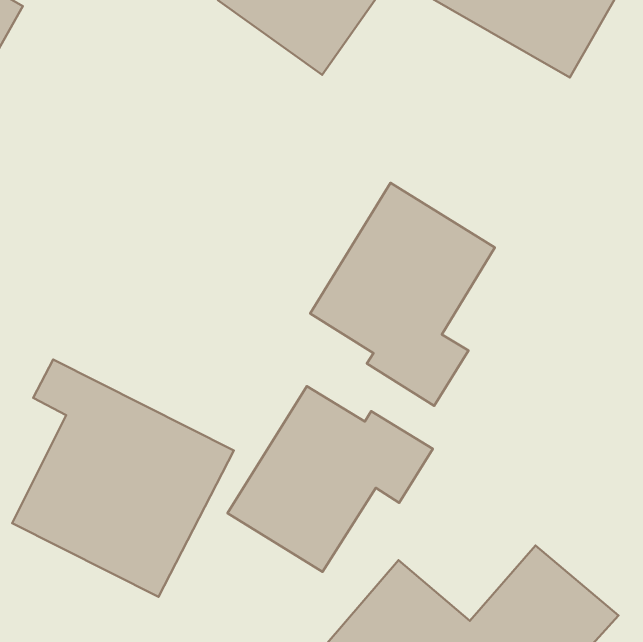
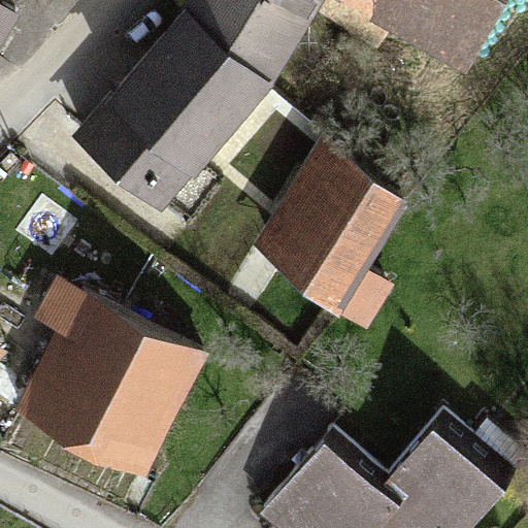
building: none -> [77,21,257,201]
building: [228,386,433,572] -> none

